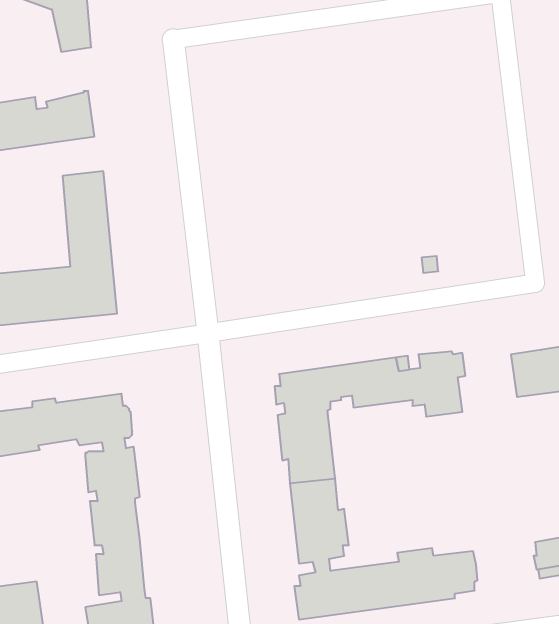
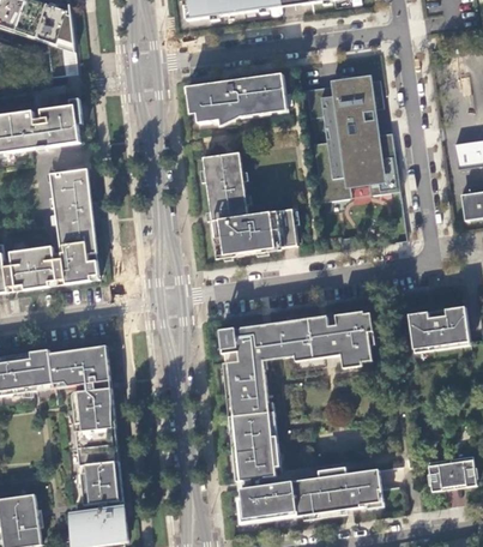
building: none -> [187,73,286,127]
building: none -> [303,79,397,202]
building: none -> [204,151,295,252]

